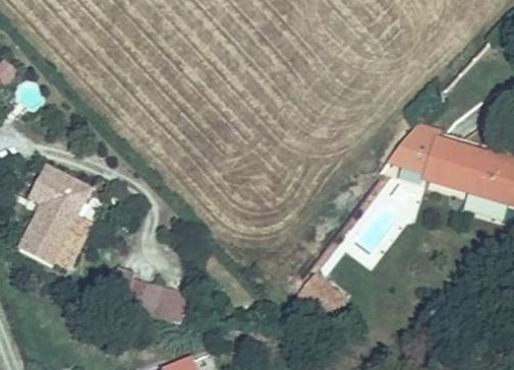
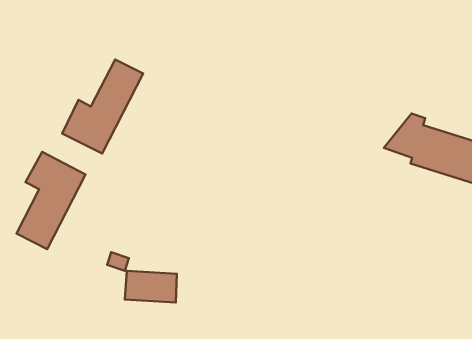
building: none -> [62,59,143,153]

